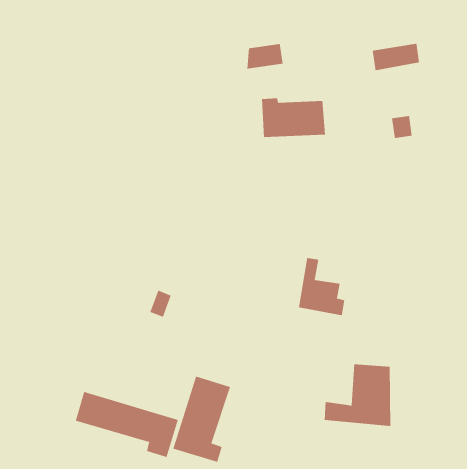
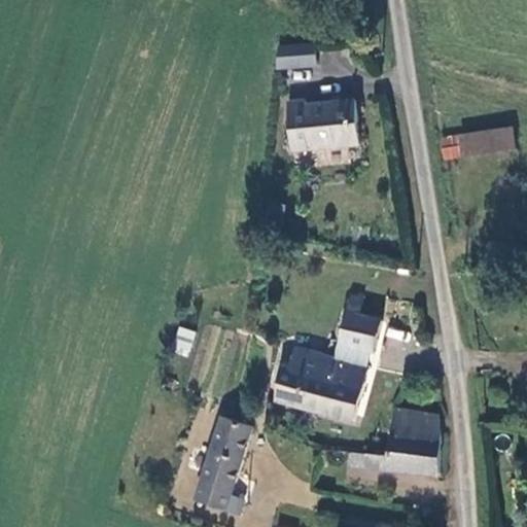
building: [372,43,420,71] -> [457,120,511,151]
building: none -> [268,350,365,422]
building: [75,391,178,458] -> none

